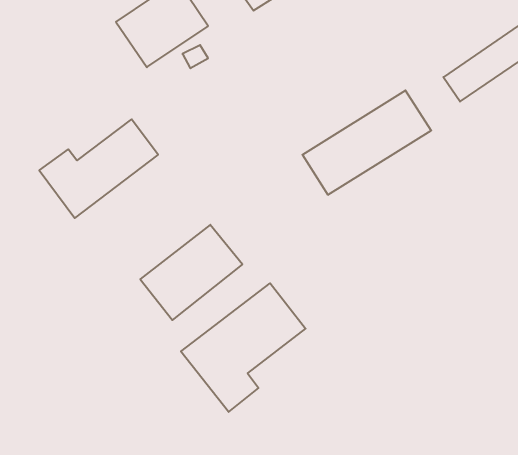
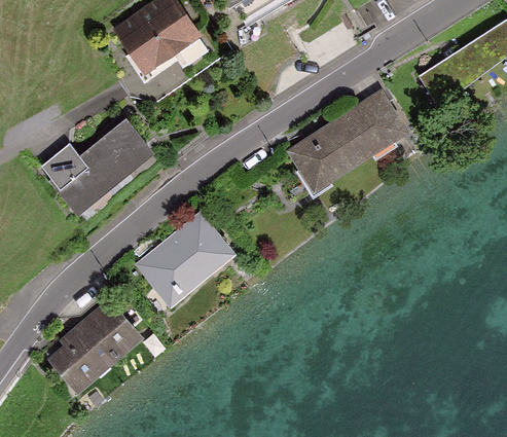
building: [181,283,306,412] -> none
building: none -> [51,300,141,390]

